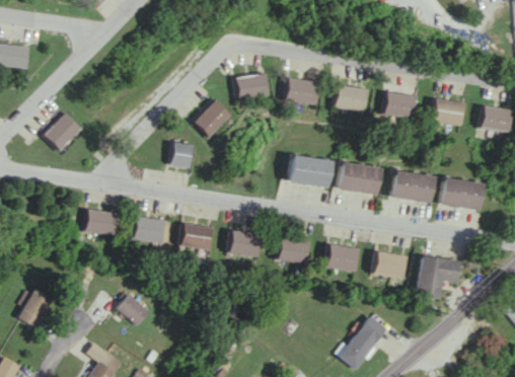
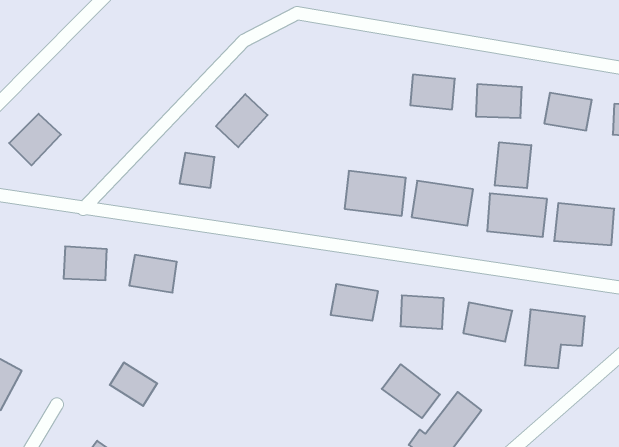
building: [235,74,268,99] -> none
building: [283,77,317,104] -> none
building: none -> [495,142,531,188]
building: [179,224,212,248] -> none
building: [228,232,261,255] -> none
building: none -> [382,364,440,418]

